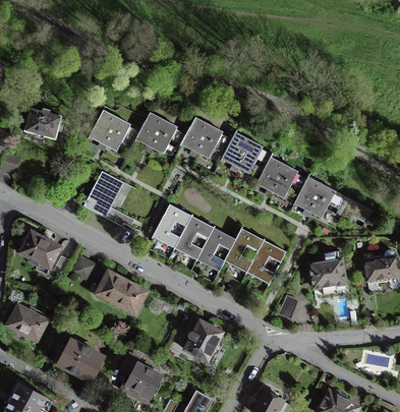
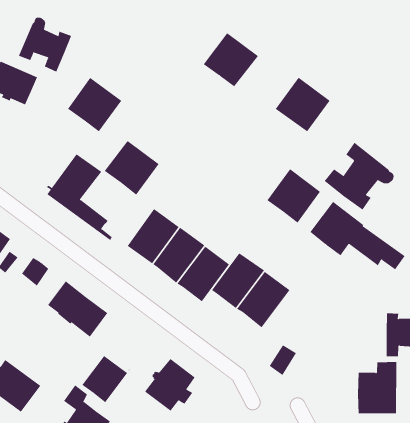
building: none -> [18,17,72,73]
building: [135,111,178,155] -> [104,138,159,196]
building: [181,116,224,159] -> [203,32,259,87]
building: none -> [324,142,394,210]
building: [221,130,264,174] -> [275,75,331,132]
building: [310,250,346,296] -> [357,362,397,414]
building: none -> [82,355,131,403]

